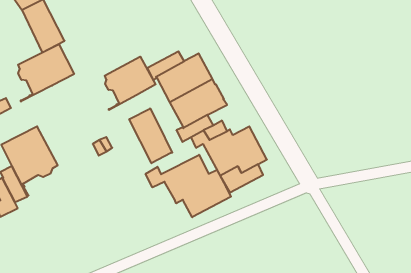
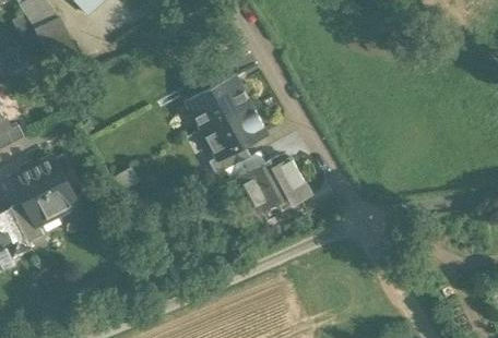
building: [18,44,74,102] -> none
building: [105,57,156,110] -> none
building: [129,108,172,163] -> none
building: [146,155,231,217] -> none

